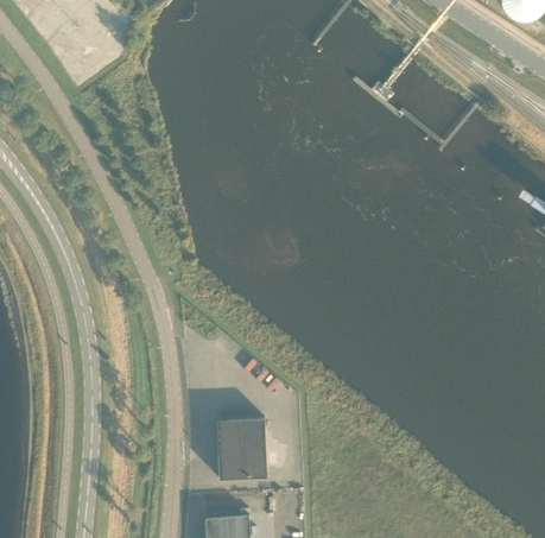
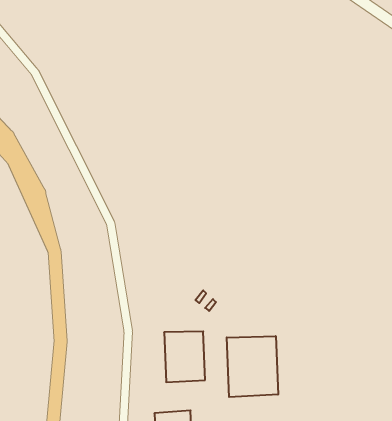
building: none -> [227,336,278,397]

